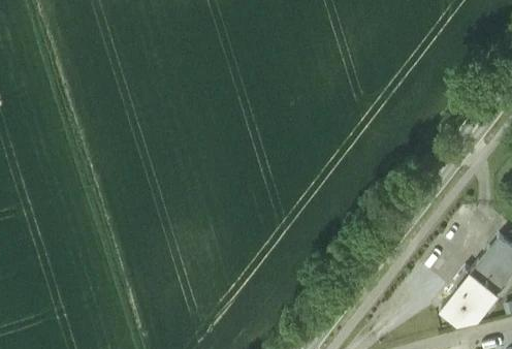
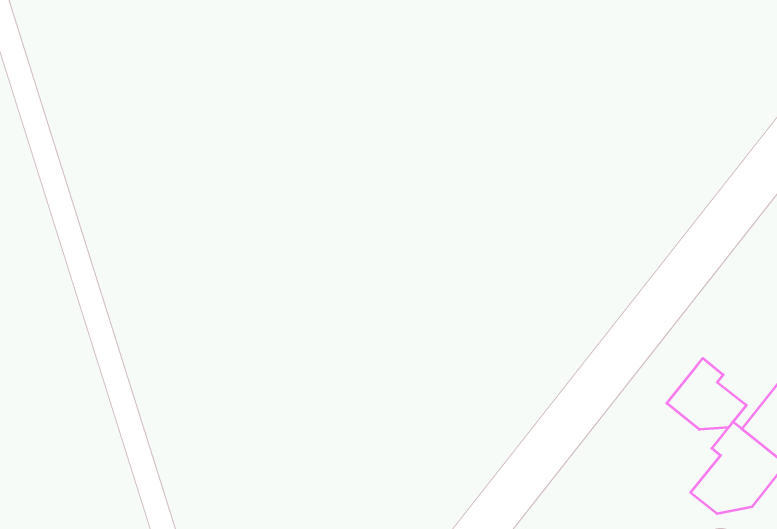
building: none -> [667,358,746,430]

